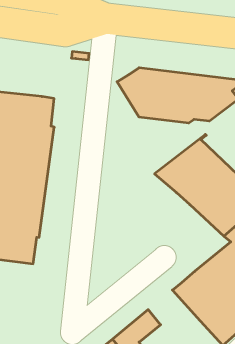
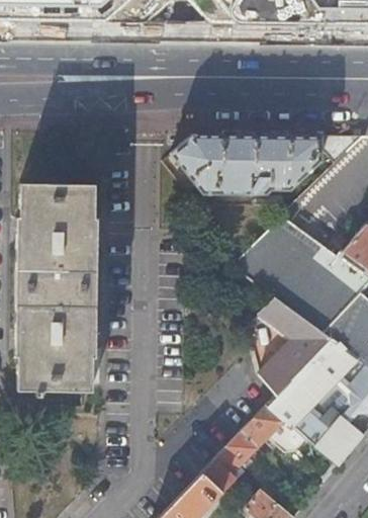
building: none -> [258,295,333,394]
building: none -> [240,404,305,451]

